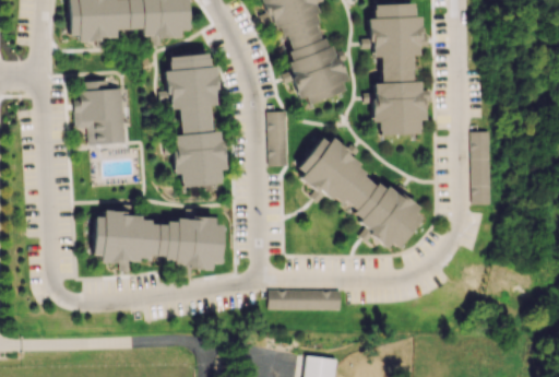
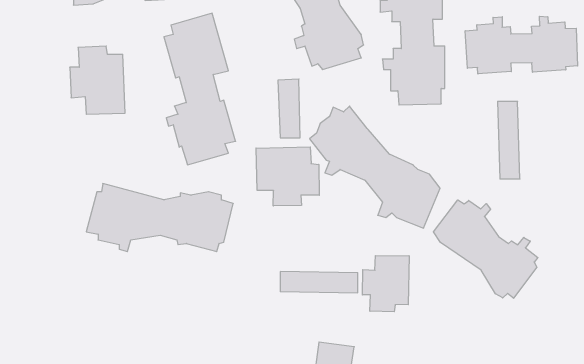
building: none -> [465,16,578,74]
building: none -> [256,147,319,206]
building: none -> [433,200,538,298]
building: none -> [362,256,409,312]

